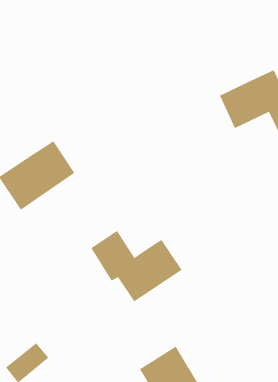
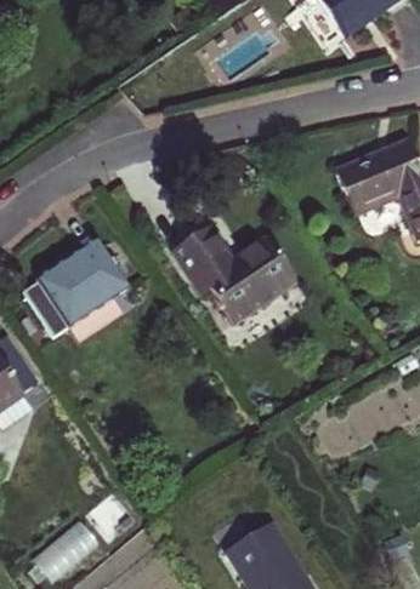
building: [91,230,182,302] -> [181,230,305,327]

